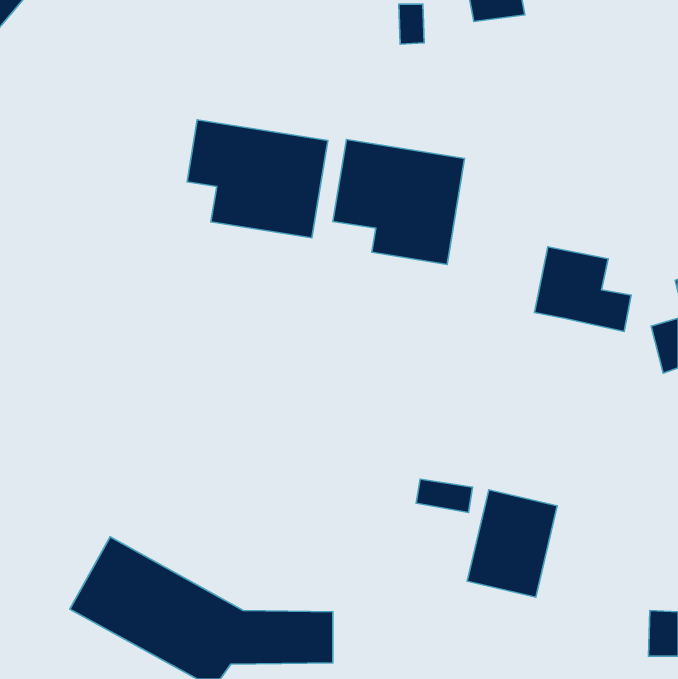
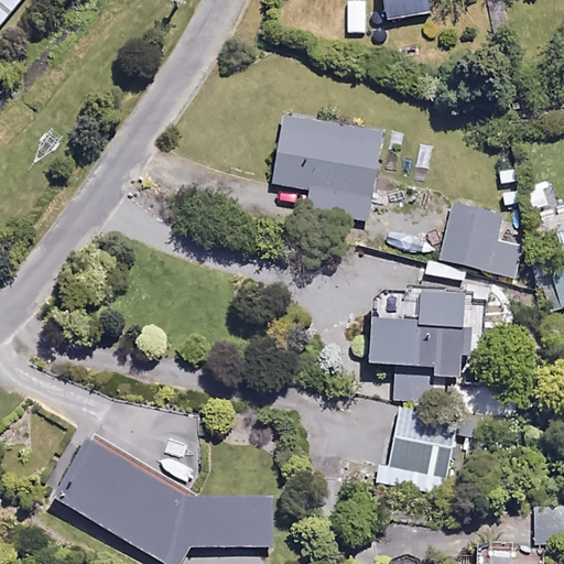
building: [187,120,328,238] -> none
building: none -> [376,295,474,377]

